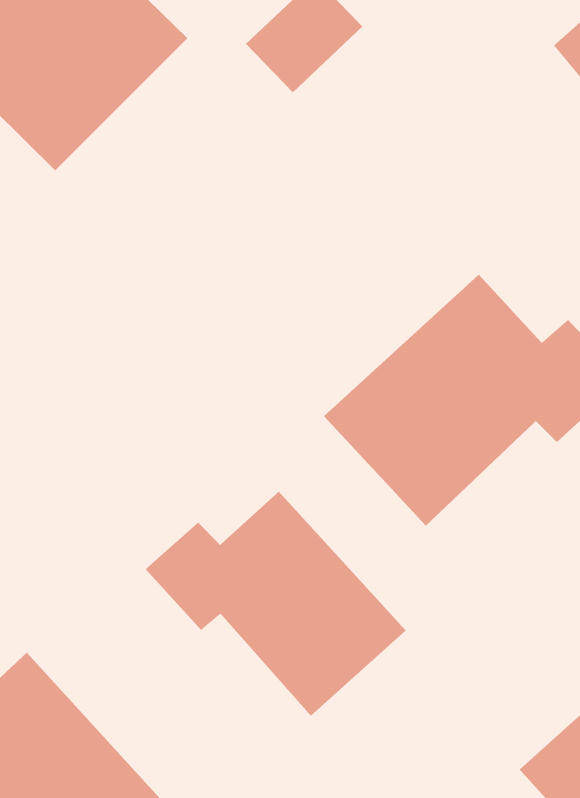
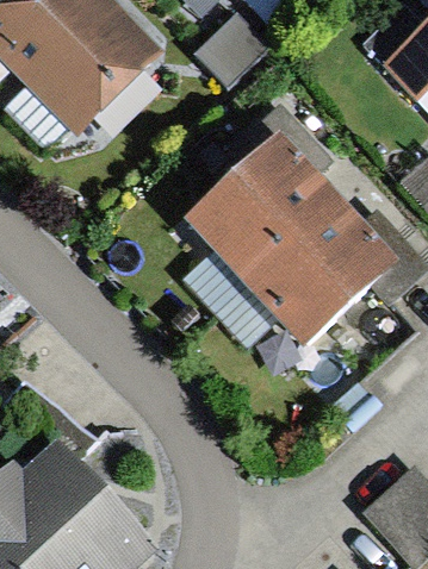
building: none -> [182,132,340,287]
building: [145,491,407,717] -> none

